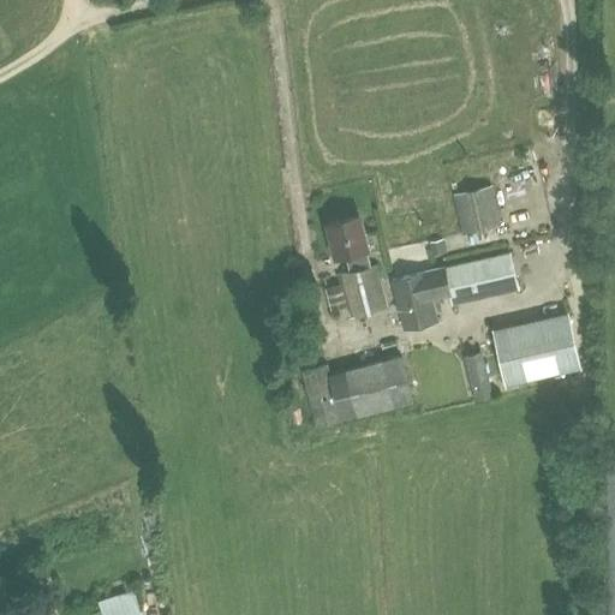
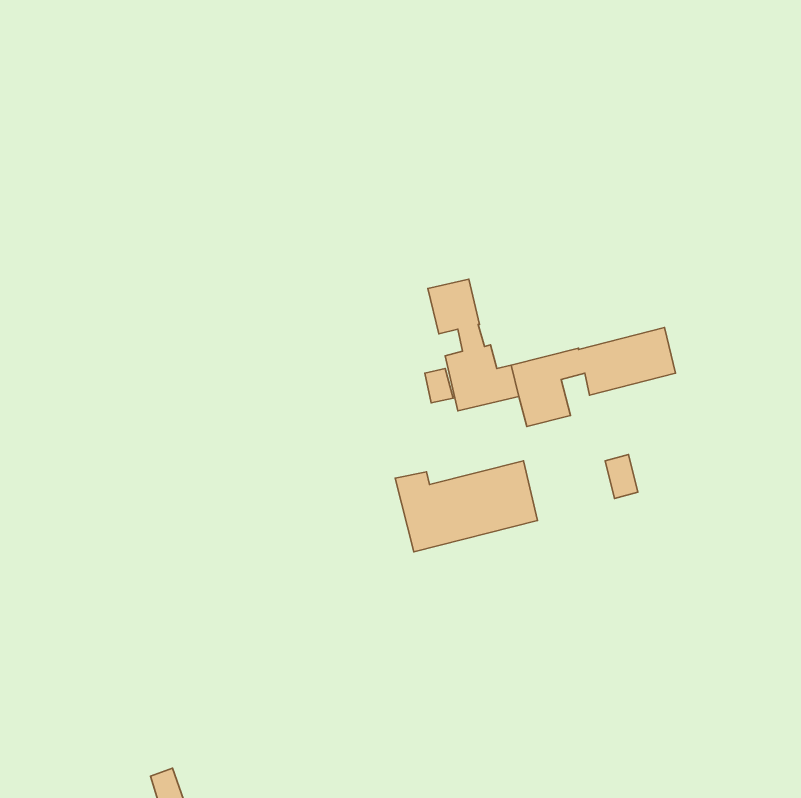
building: [453,186,501,234] -> none
building: [500,317,578,380] -> none

